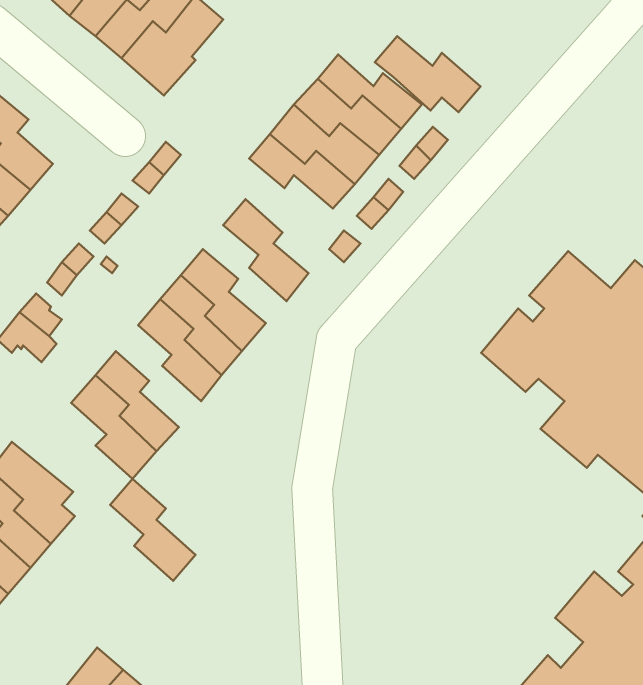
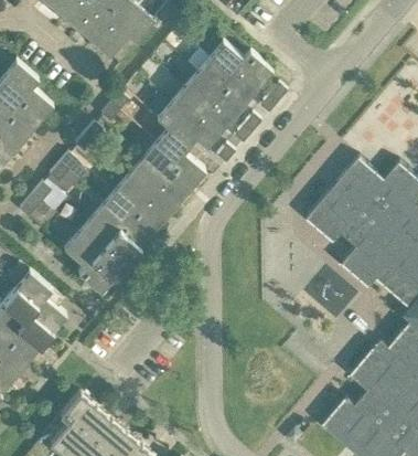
building: [375,36,481,112] -> [157,102,219,147]
building: none -> [142,141,192,200]
building: [110,479,196,581] -> [90,201,141,262]

